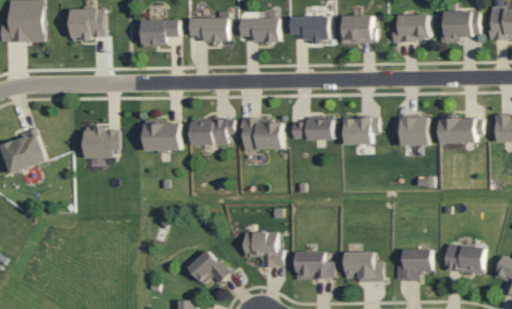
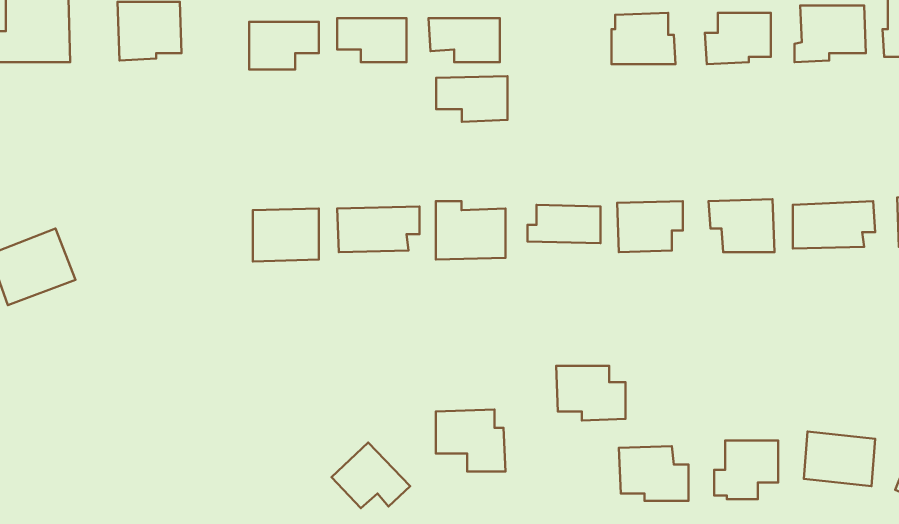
building: [289,15,328,40] -> [436,76,508,122]
building: [83,125,118,159] -> none
building: [294,251,332,281] -> [556,366,626,421]

